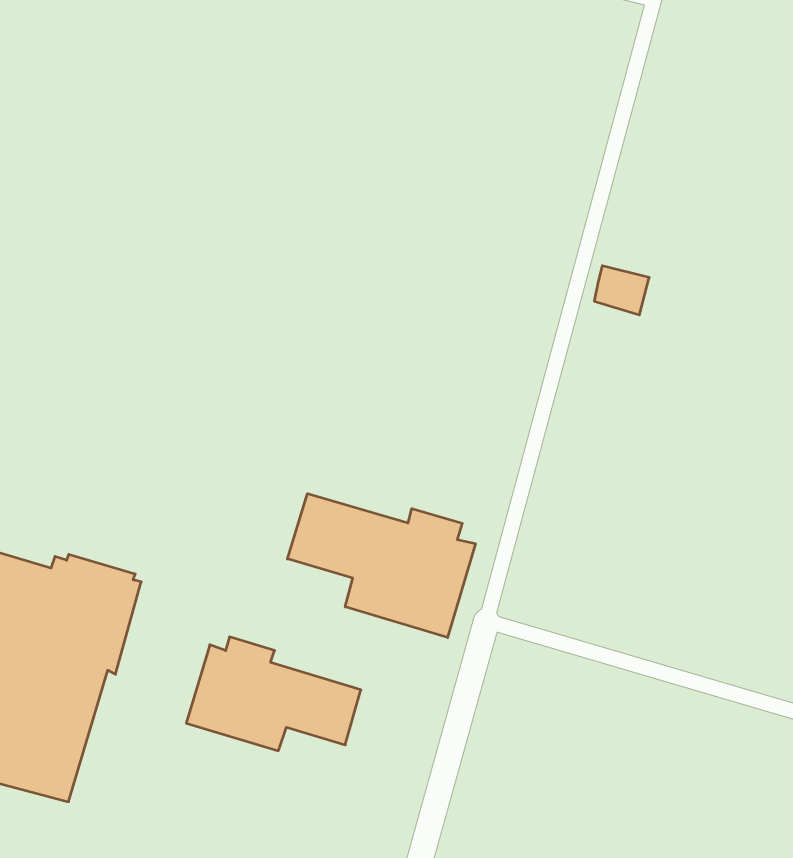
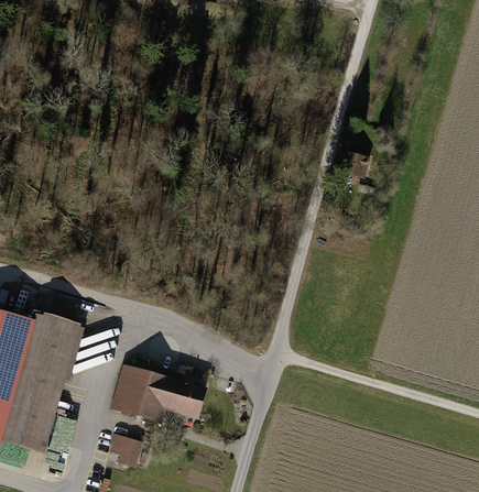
building: [287,494,475,638] -> none
building: none -> [108,431,143,467]

